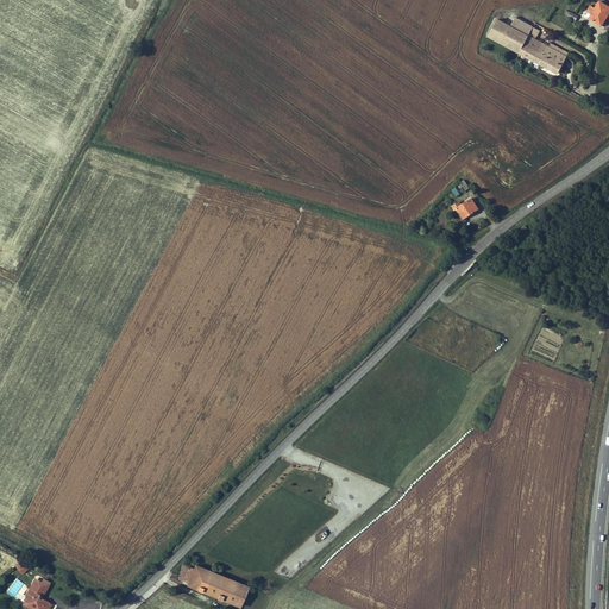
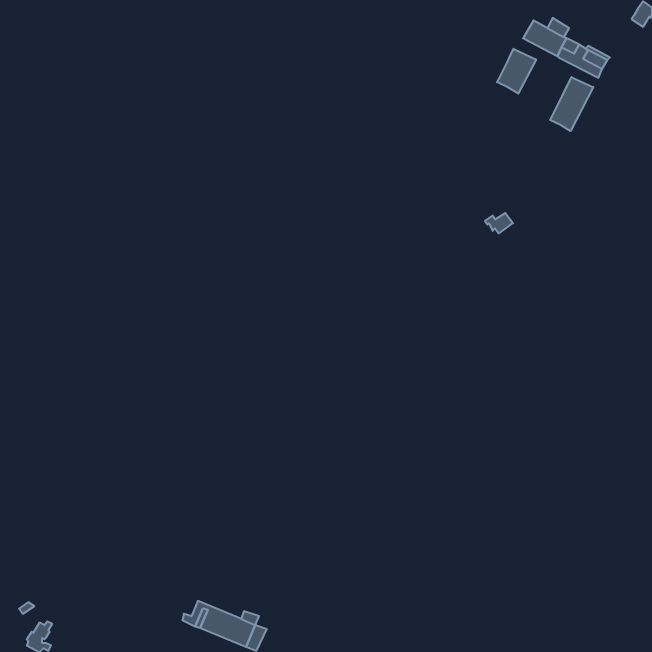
building: none -> [497,49,536,94]
building: none -> [550,77,593,131]

